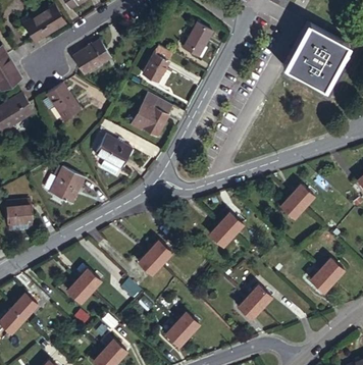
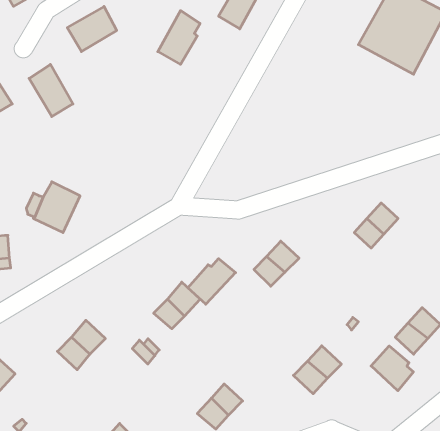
building: [131,92,173,137] -> none
building: [94,135,131,177] -> none
building: none -> [188,259,236,304]
building: none -> [371,346,413,391]

